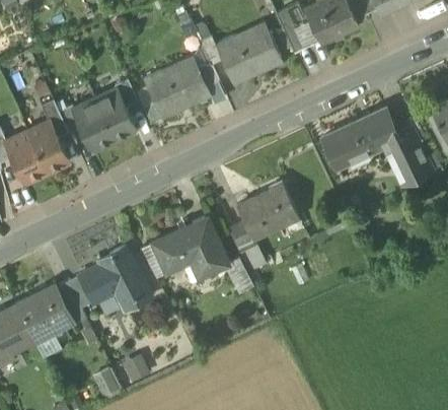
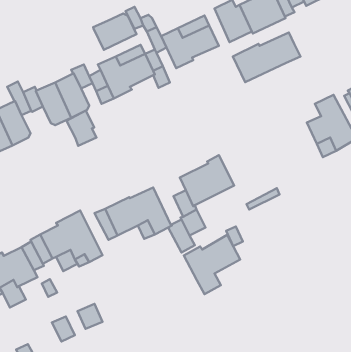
building: none -> [93,14,137,50]
building: [321,111,398,167] -> [233,32,300,82]
building: none -> [66,111,96,146]
building: none -> [184,235,240,294]

